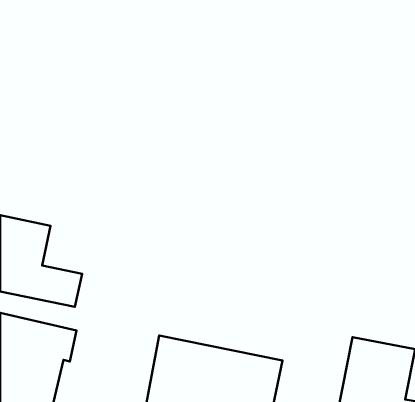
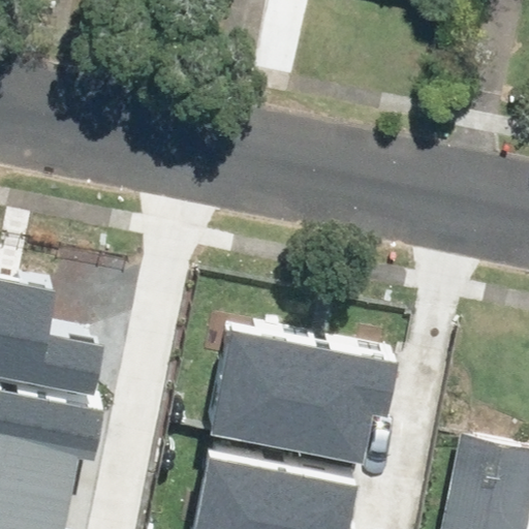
building: none -> [209,316,391,452]

